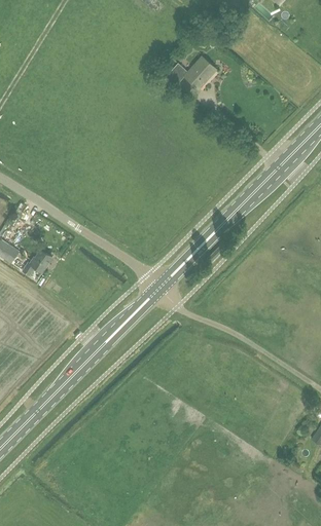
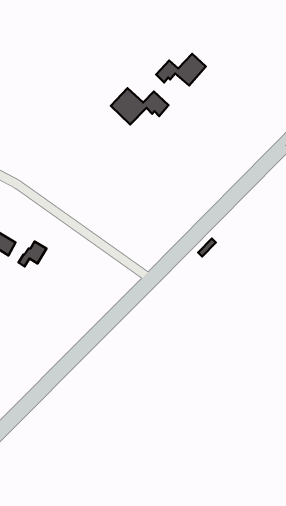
building: none -> [111,88,169,125]

